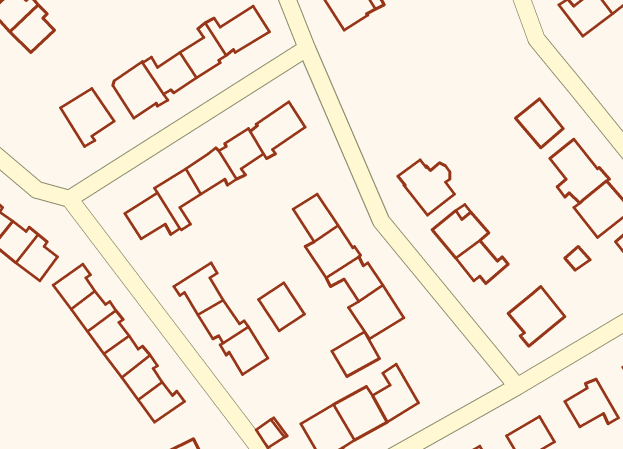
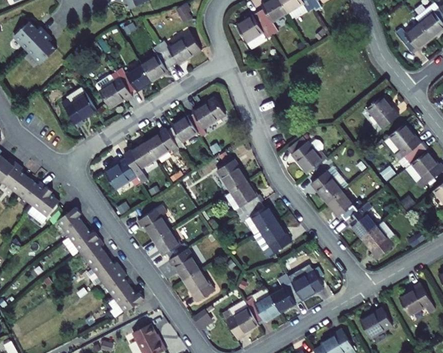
building: none -> [343,202,377,239]
building: [258,283,305,331] -> [183,269,214,301]
building: [332,332,380,377] -> [291,269,323,299]

